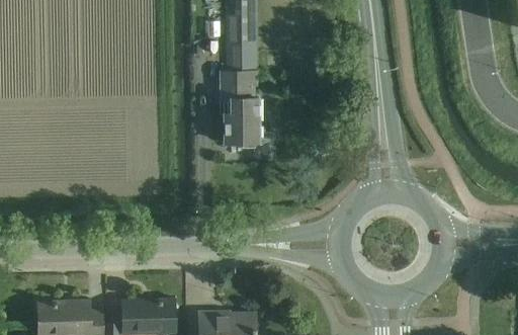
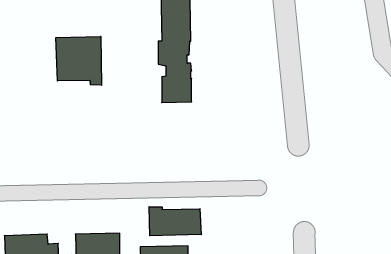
building: none -> [56,36,102,85]
building: none -> [149,207,201,236]

